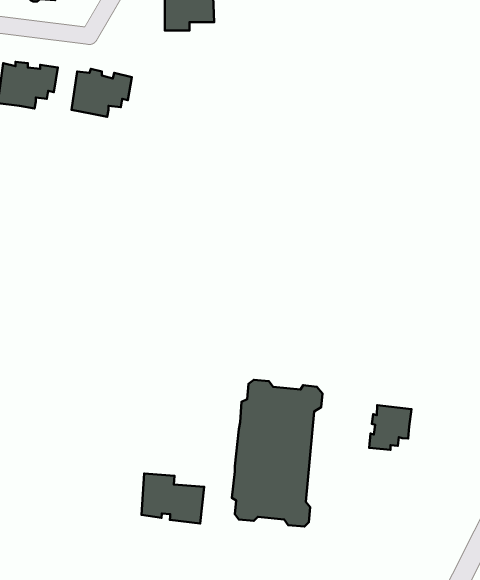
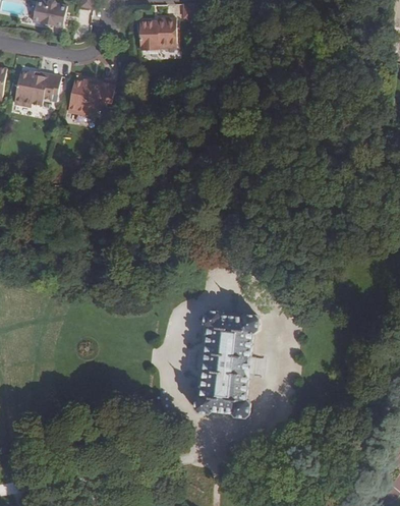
building: [369,405,411,450] -> none
building: [142,474,204,524] -> none

